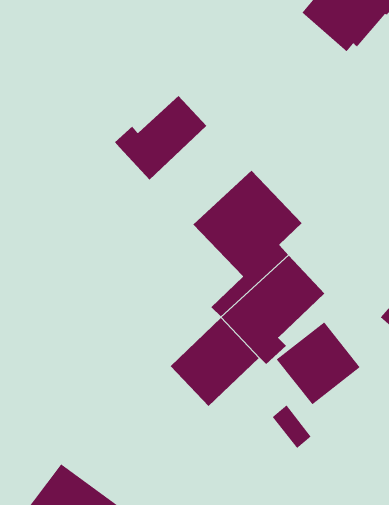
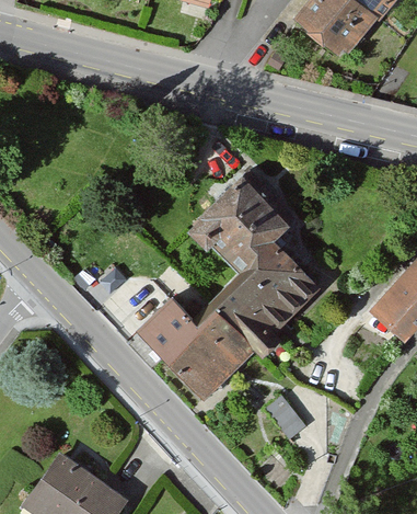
building: [114,95,207,181] -> none
building: none -> [140,298,218,359]
building: [276,321,361,405] -> none

